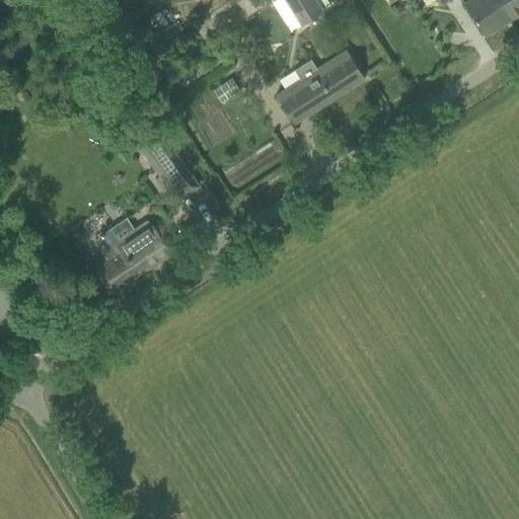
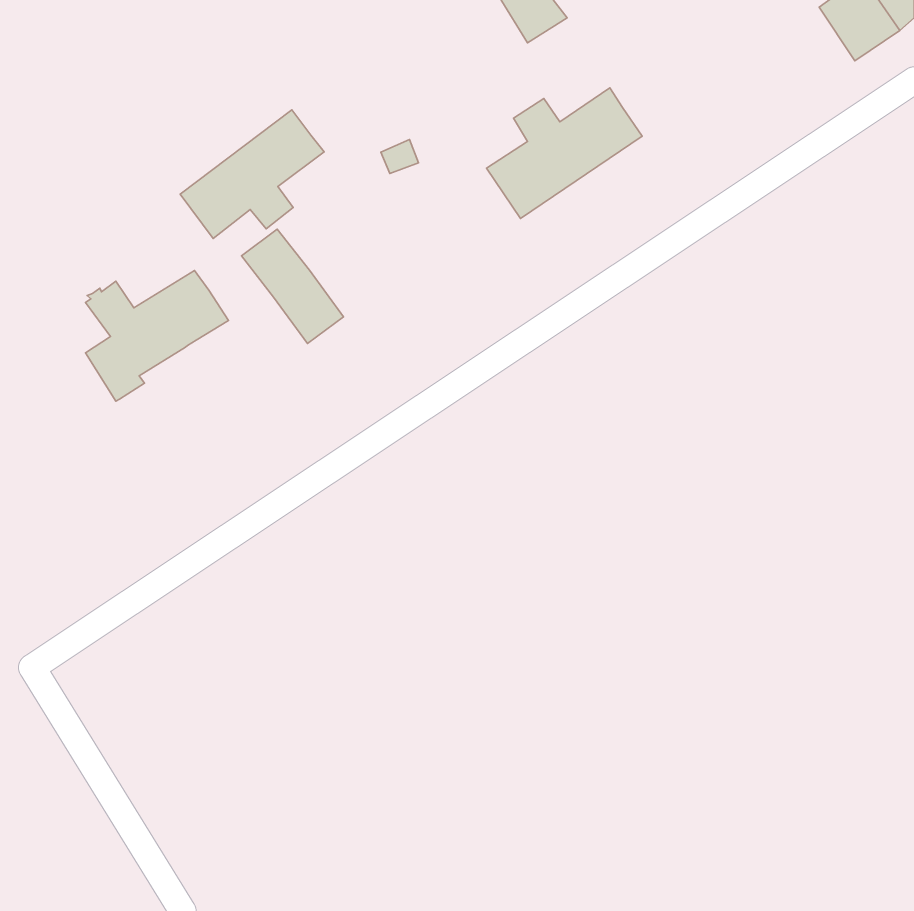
building: none -> [180,110,324,238]
building: [94,219,175,293] -> [85,270,229,401]

